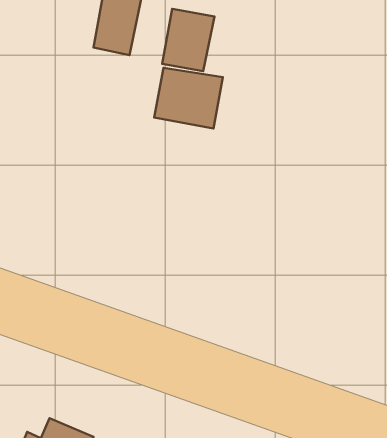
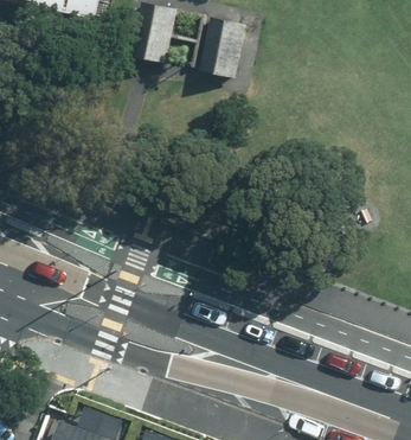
building: [154,68,223,128] -> none

